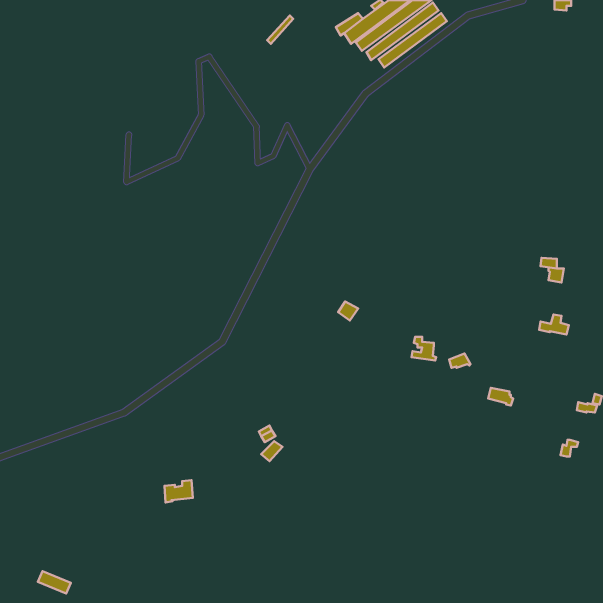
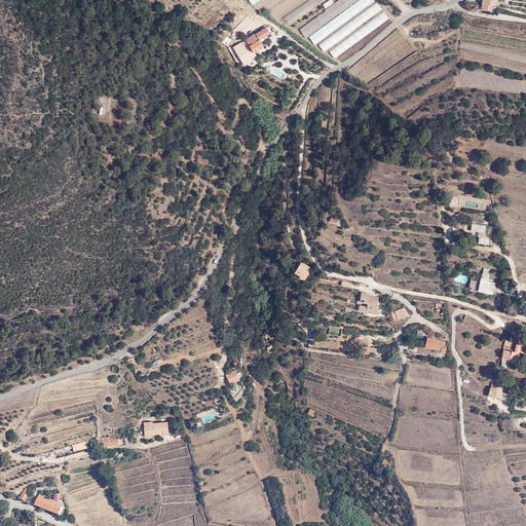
building: none -> [233,28,269,67]

